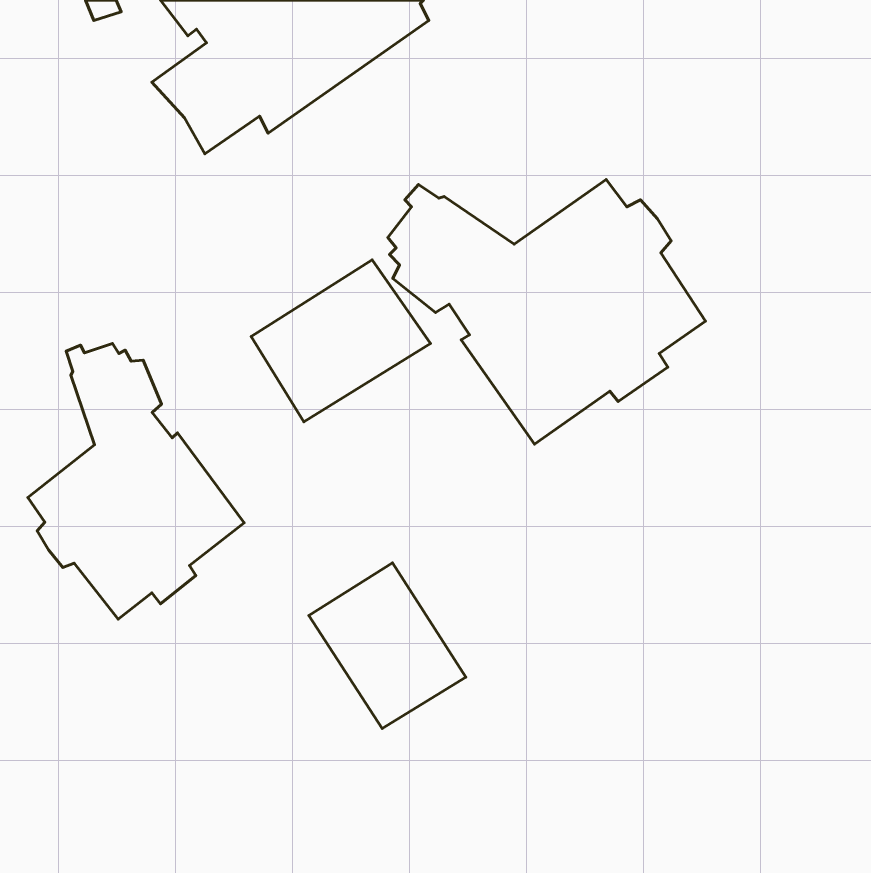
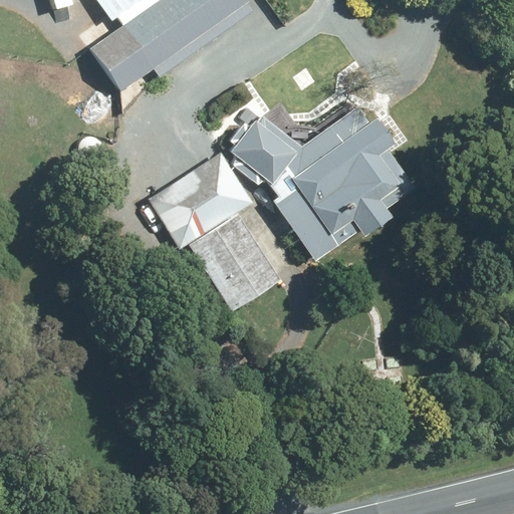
building: [28,343,244,619] -> none
building: [309,563,466,728] -> [188,213,280,310]

